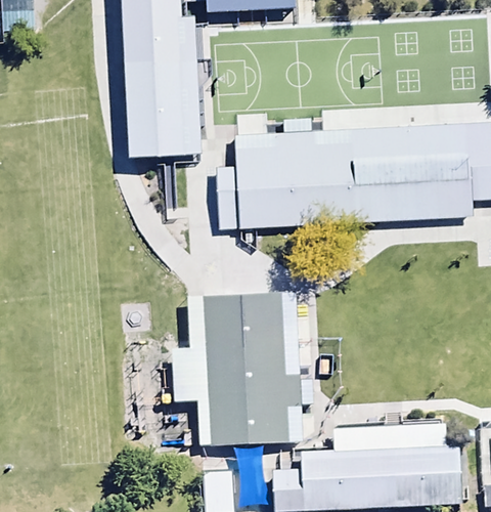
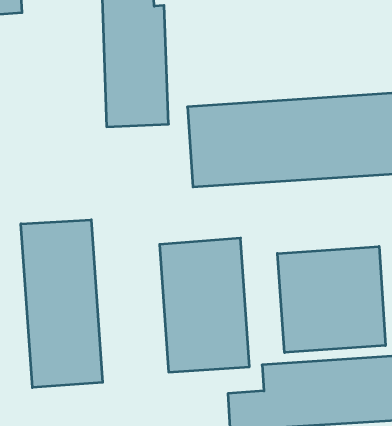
building: none -> [21,220,103,388]
building: none -> [277,246,385,353]

